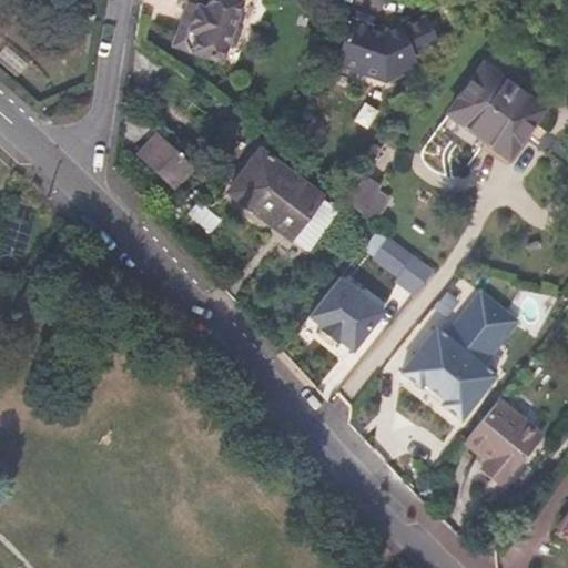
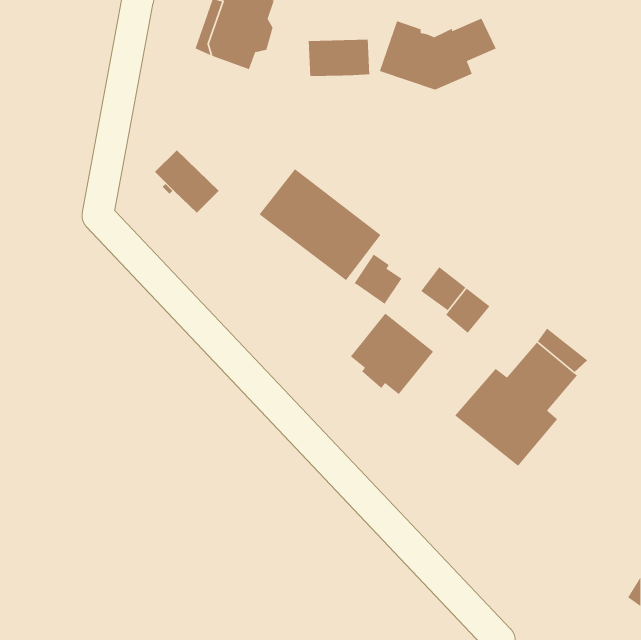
building: none -> [308,39,370,77]
building: [449,64,544,155] -> none
building: [345,175,388,221] -> [354,254,402,305]
building: [465,399,540,485] -> none

